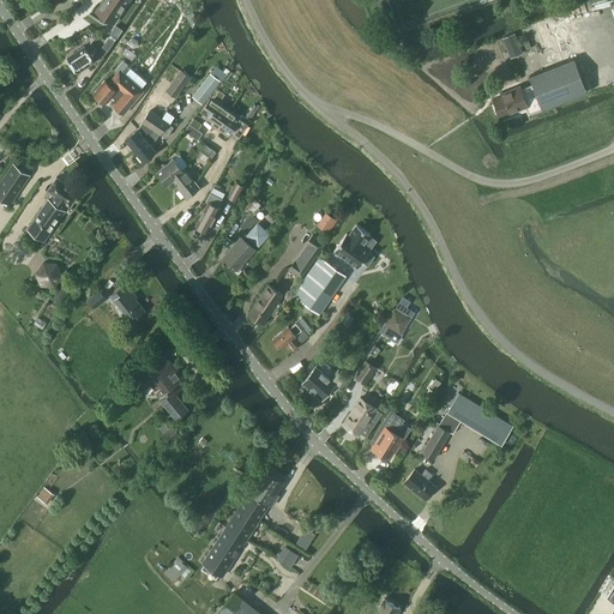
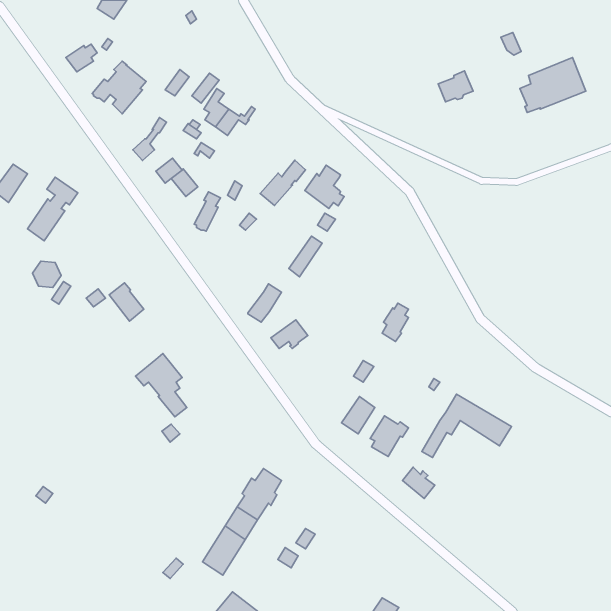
building: [493,86,528,118] -> [438,71,473,102]
building: [125,112,159,151] -> none
building: [222,224,267,270] -> [260,160,306,206]
building: [333,225,373,269] -> [305,165,344,208]
building: [293,258,344,314] -> none
building: [301,367,348,399] -> none

